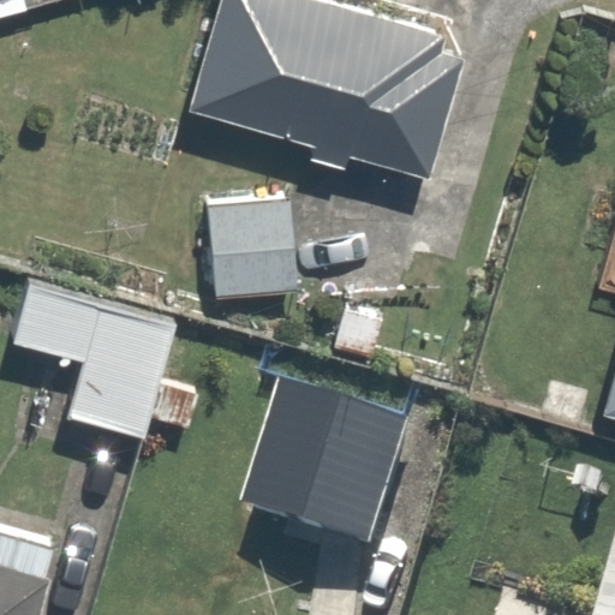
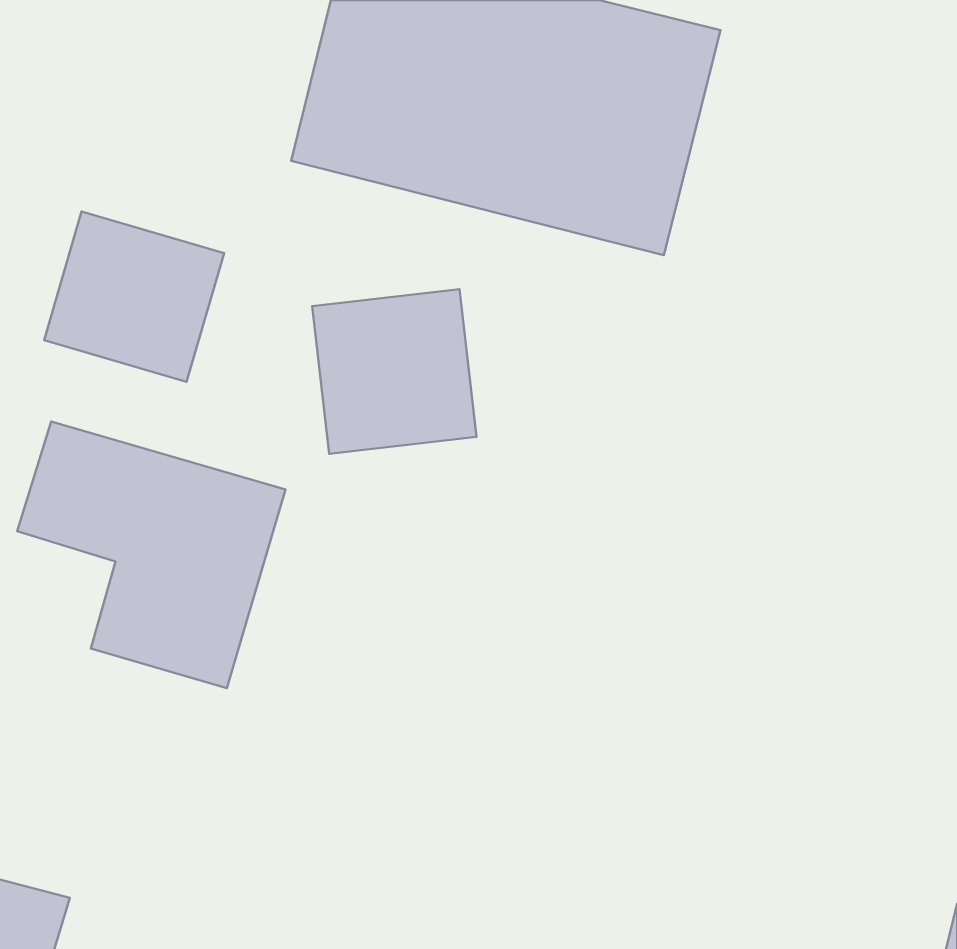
building: none -> [44,212,224,382]
building: [251,342,422,557] -> none

